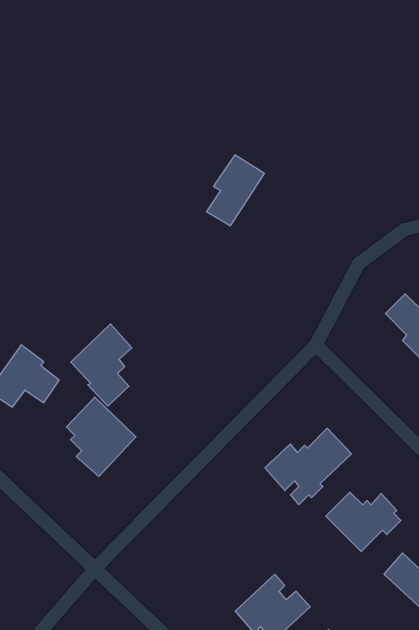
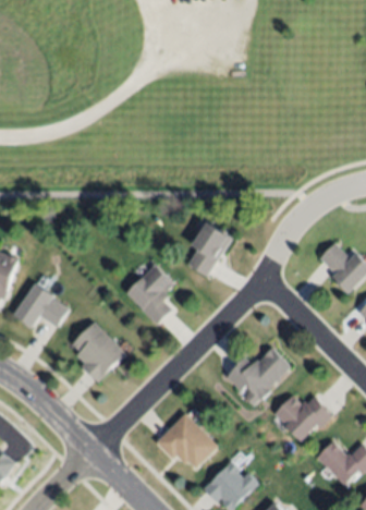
building: [206,155,265,226] -> [186,220,231,275]
building: [71,324,132,406] -> [126,262,173,325]
building: none -> [155,412,217,465]

